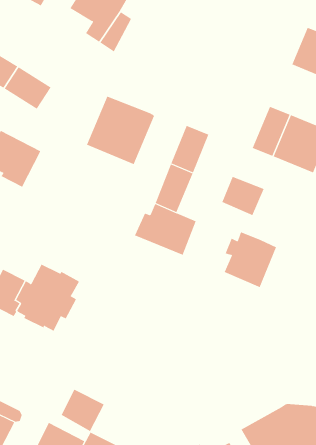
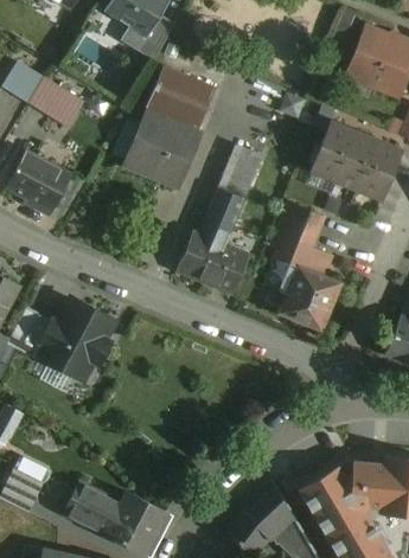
building: none -> [146,70,213,132]
building: none -> [271,232,330,275]
building: [61,389,105,432] -> none

